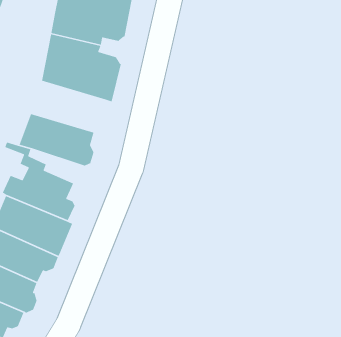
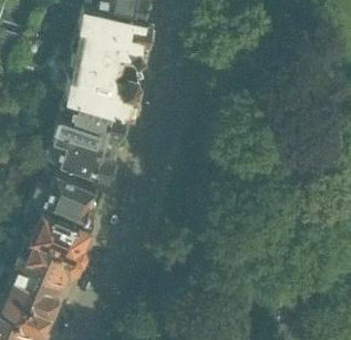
building: none -> [54,95,127,143]

